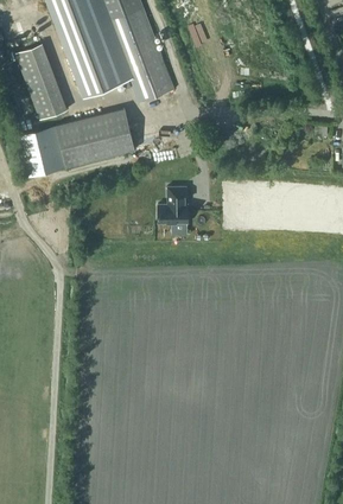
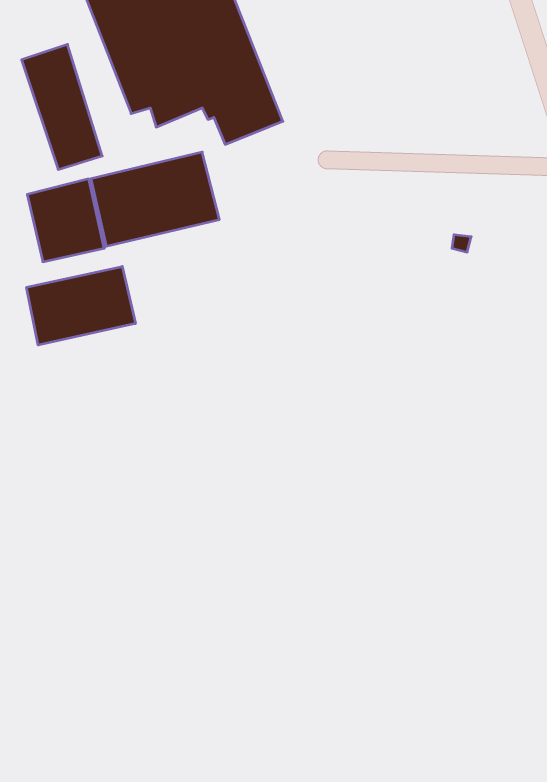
building: none -> [27,266,135,345]
building: [158,185,190,224] -> none

